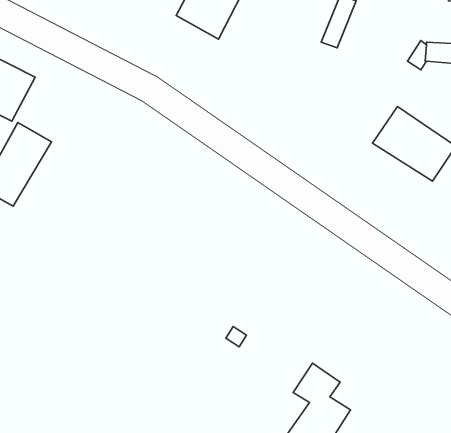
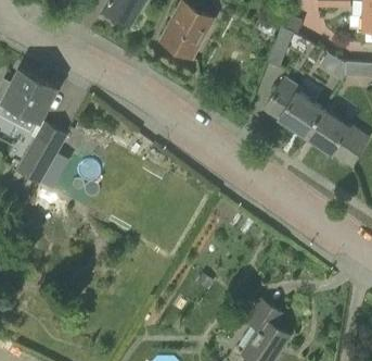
building: none -> [265,77,324,136]

